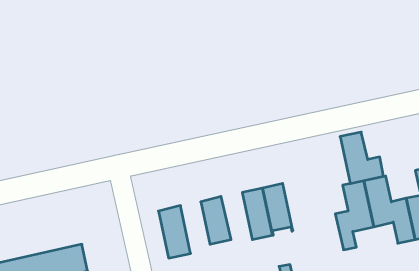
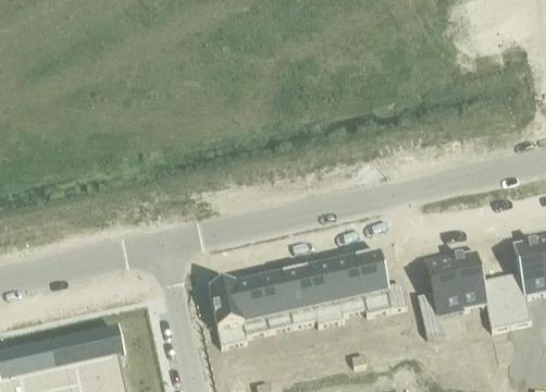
building: [340,132,383,184] -> [355,249,406,310]
building: none -> [282,266,319,321]
building: none -> [234,277,269,338]

